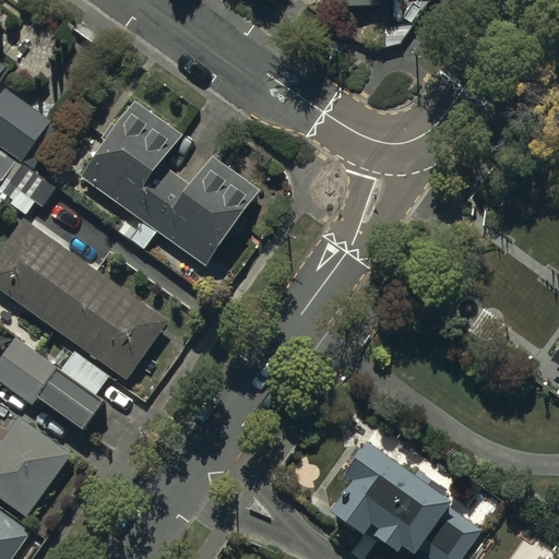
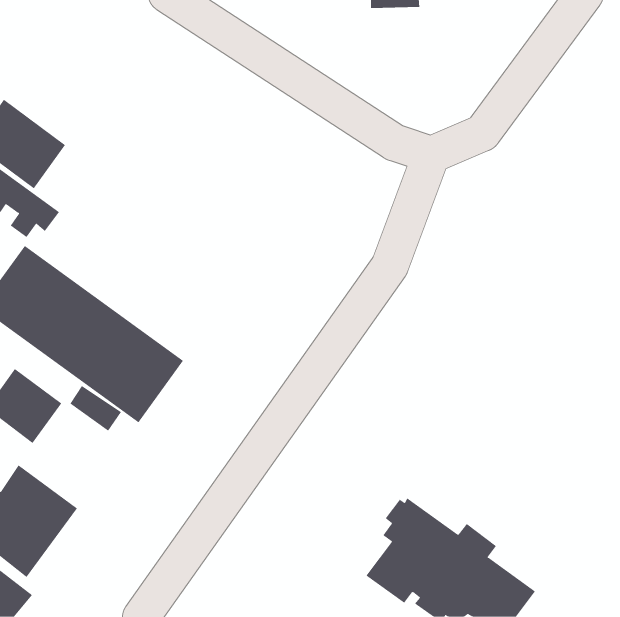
building: [79,98,261,267] -> none
building: [38,361,103,421] -> none

